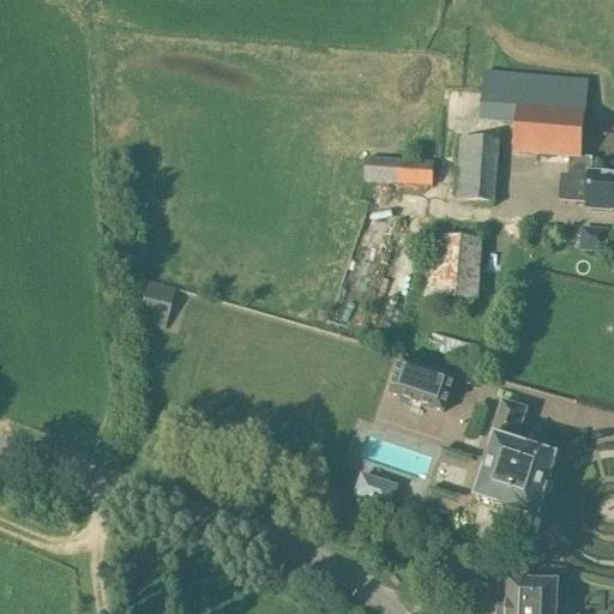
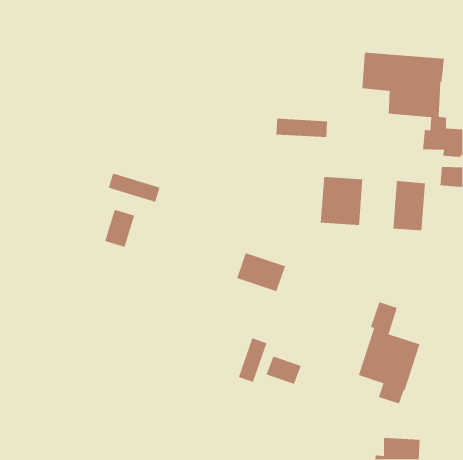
building: [455,133,499,200] -> [392,180,426,231]
building: none -> [108,173,160,203]
building: [390,356,456,409] -> [236,252,286,292]
building: none -> [238,337,267,383]

